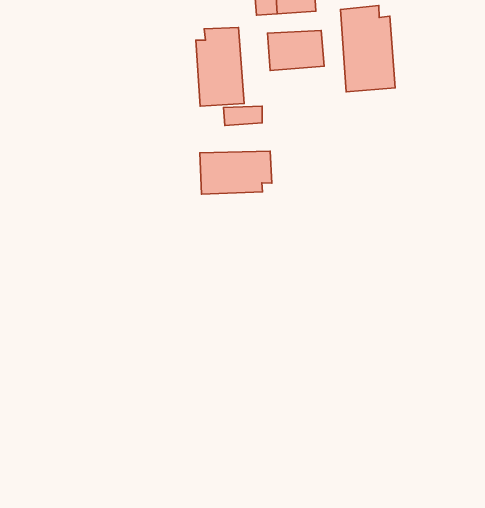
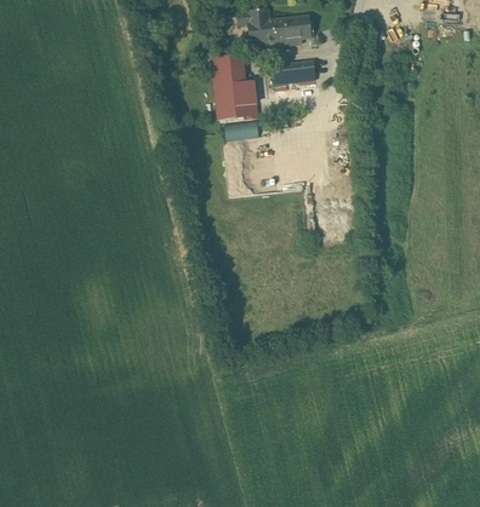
building: [341,6,395,92] -> none
building: [200,151,272,194] -> none

